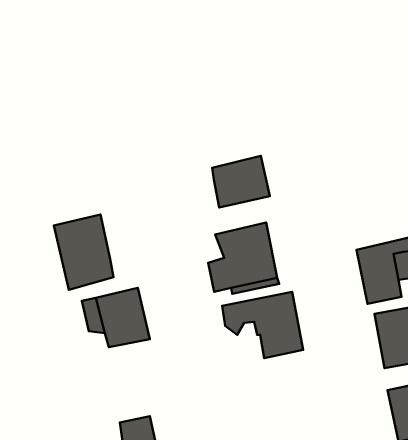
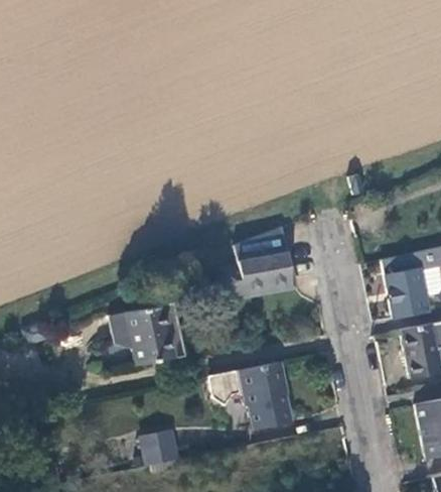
building: [212,156,270,207] -> none
building: [54,215,114,290] -> none
building: [222,292,303,358] -> [209,361,291,427]

